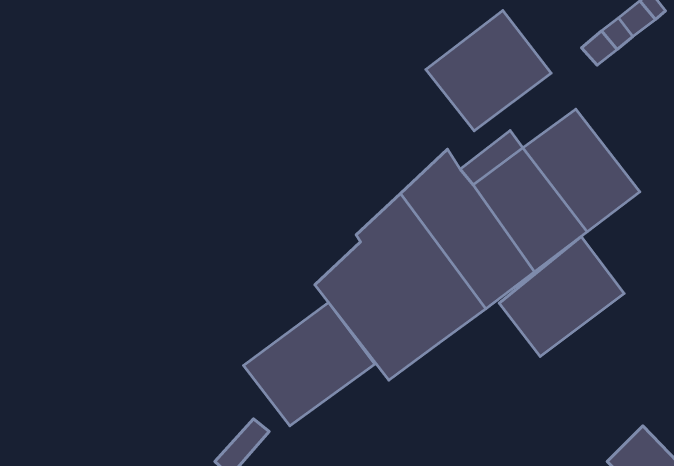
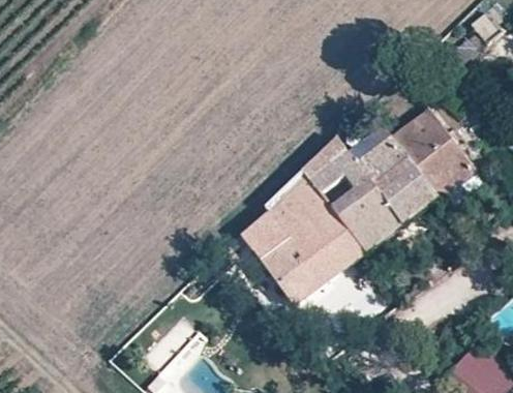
building: [426,10,551,131] -> none
building: [499,236,624,357] -> none
building: [243,302,375,426] -> none

